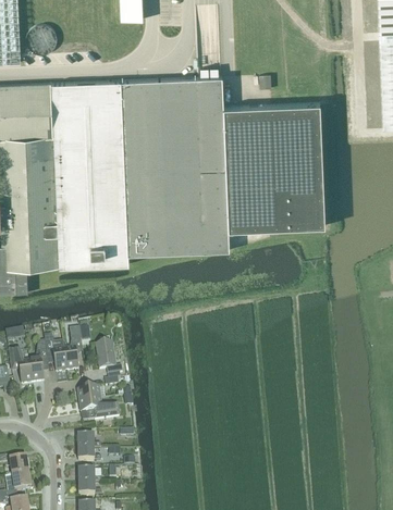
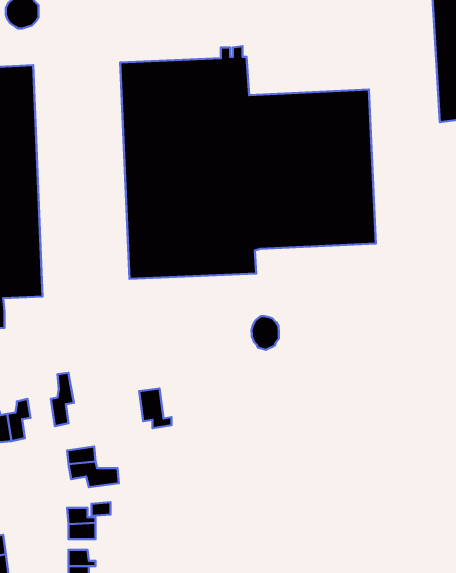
building: [51,82,130,269] -> none
building: none -> [252,316,279,350]
building: [45,337,69,373] -> none
building: [97,345,123,376] -> [139,389,172,428]

